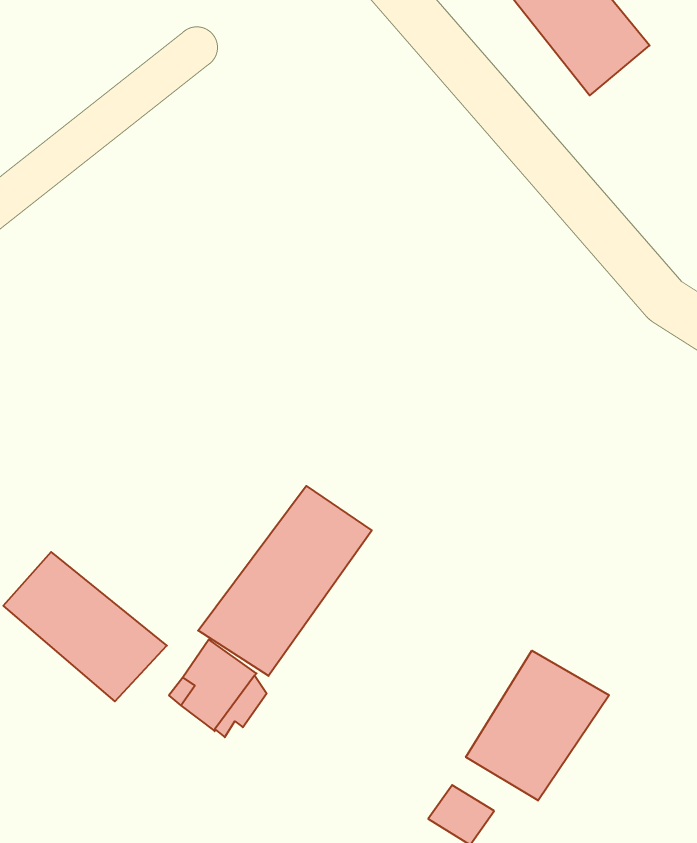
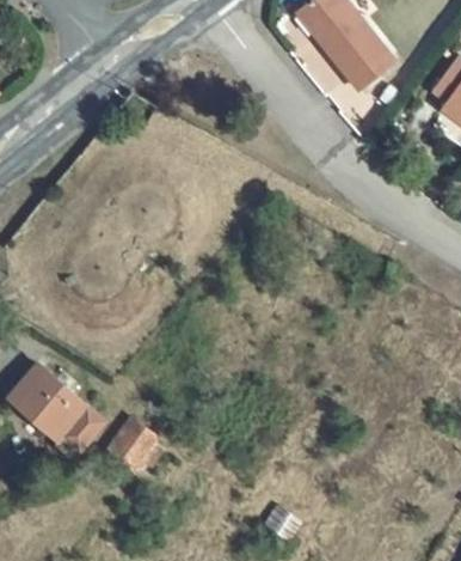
building: [198,486,372,676] -> none
building: [466,651,609,801] -> none

